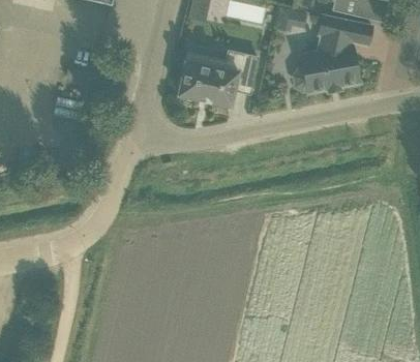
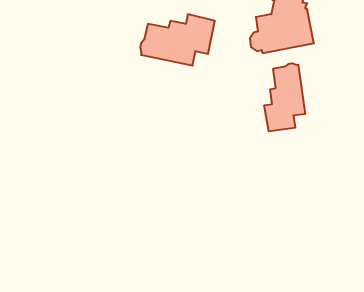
building: none -> [264,63,305,131]

